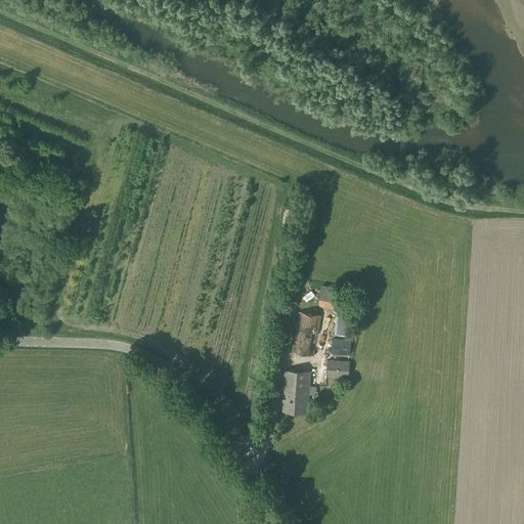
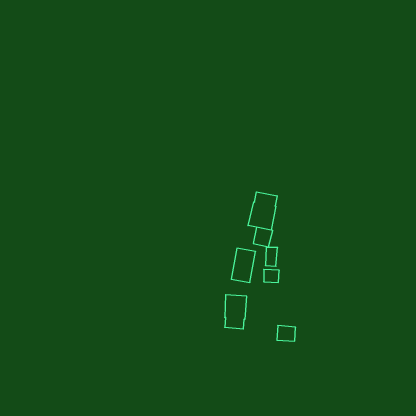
building: none -> [248,192,277,230]
building: [325,359,349,379] -> [277,326,296,341]

